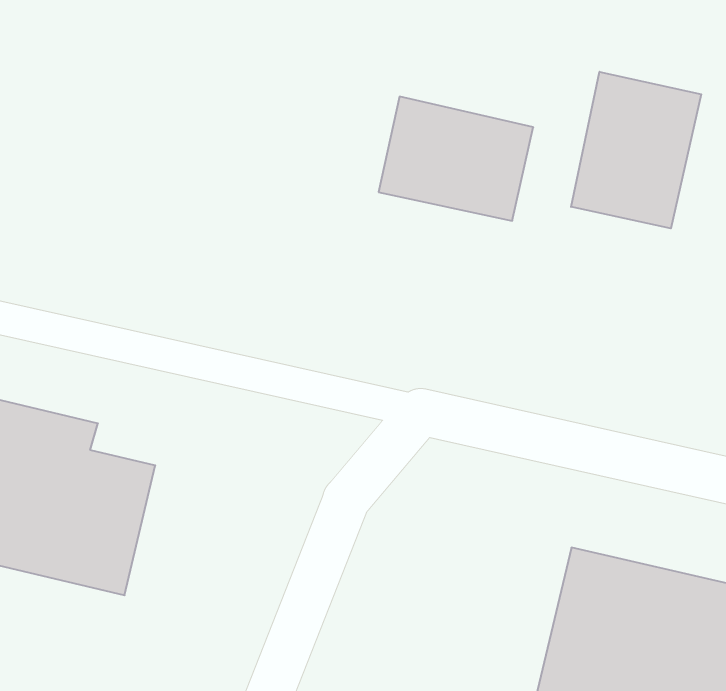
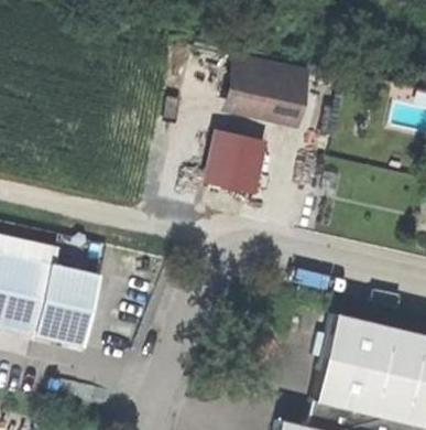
building: [571,72,701,228] -> none
building: none -> [205,135,270,198]

